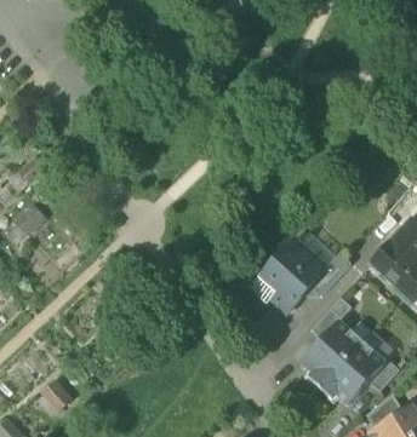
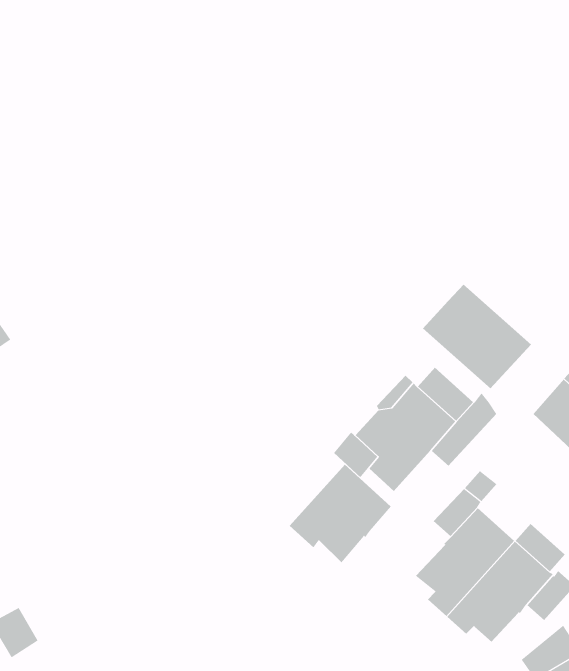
building: none -> [422,284,532,389]
building: none -> [289,464,391,563]

